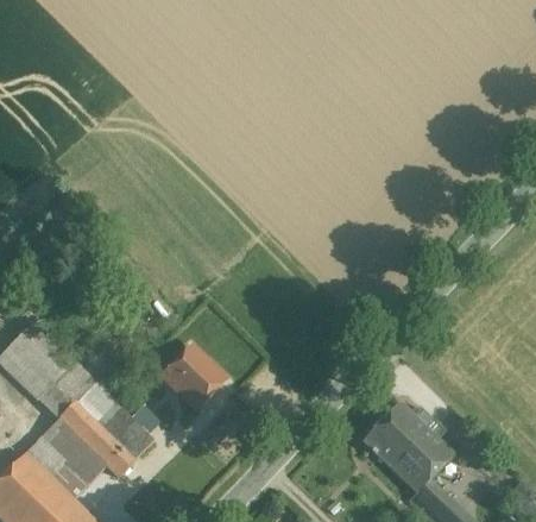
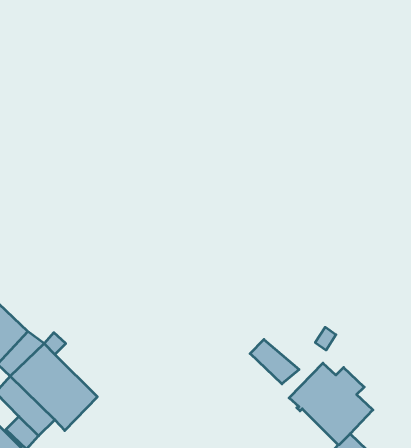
building: [163,345,226,408] -> none
building: none -> [250,339,299,384]

